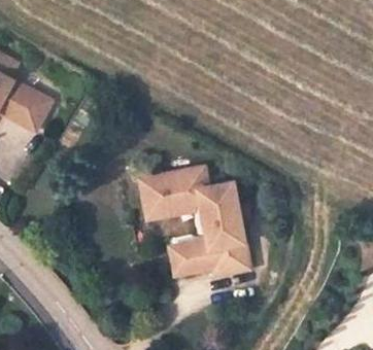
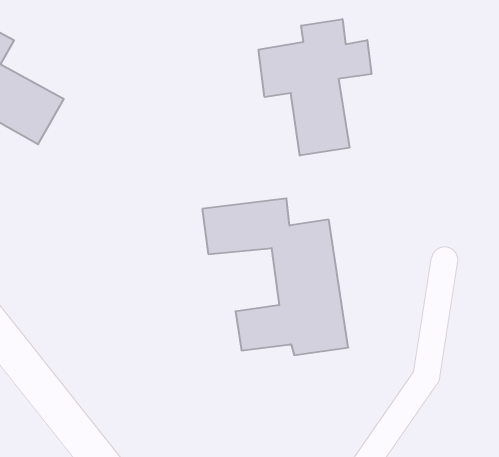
building: none -> [259,19,371,156]

